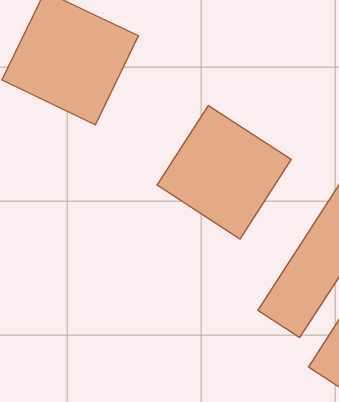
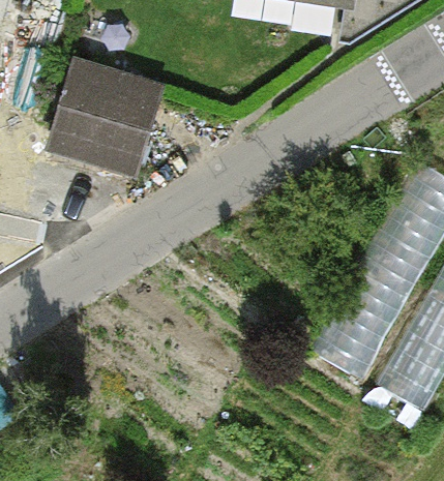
building: [157,105,291,239] -> none

